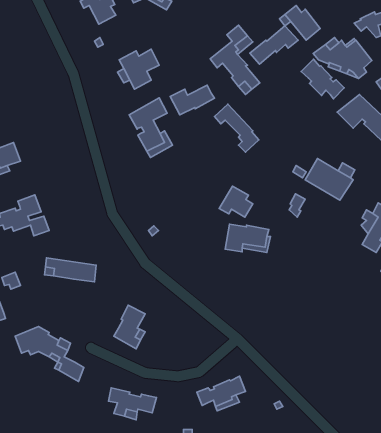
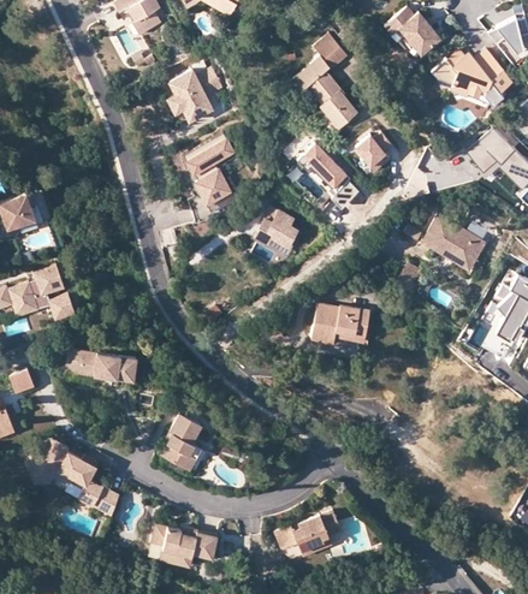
building: [250,26,298,64] -> none
building: [301,59,344,99] -> none
building: [170,85,214,115] -> none
building: none -> [354,132,391,171]
building: [219,186,253,217] -> [253,206,298,248]

